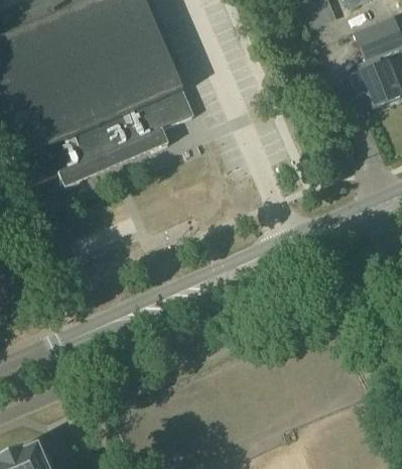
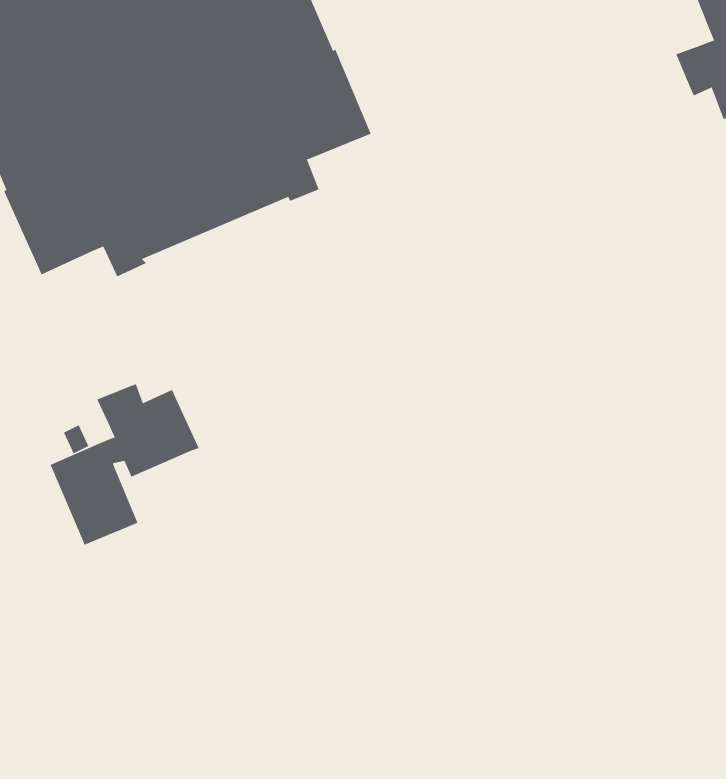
building: none -> [50,384,199,546]

